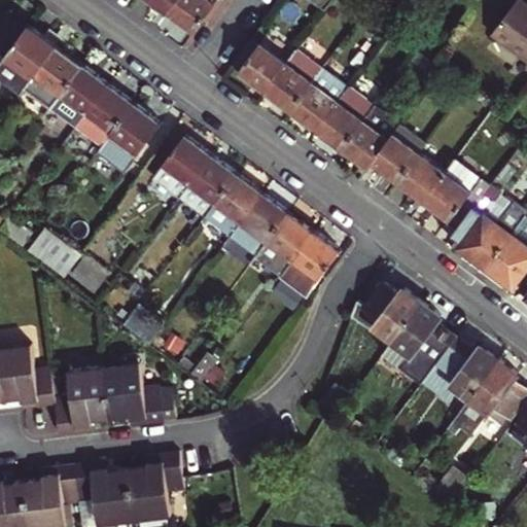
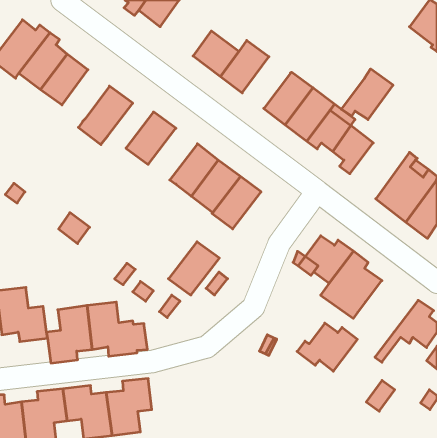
building: [289,70,347,132] -> none
building: [74,85,131,147] -> none
building: [177,155,236,217] -> none
building: [418,162,480,222] -> [341,69,393,120]
building: [28,229,78,276] -> none
building: [278,232,339,295] -> [168,242,219,295]
building: [427,342,499,399] -> [297,323,357,371]

